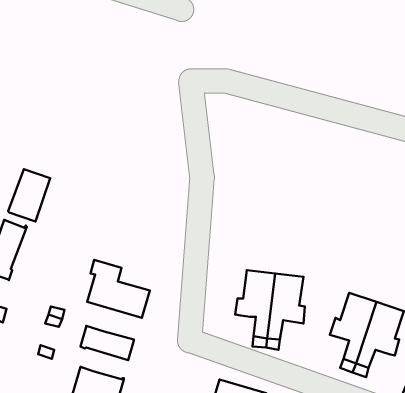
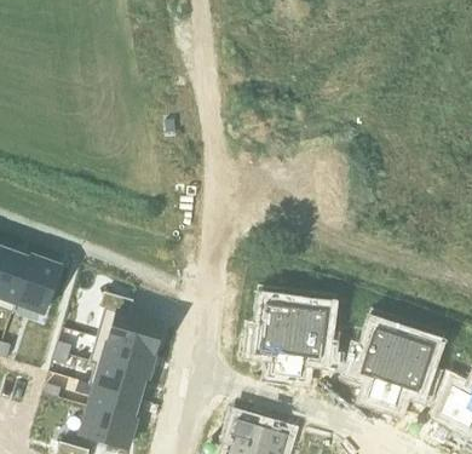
building: [8,169,50,222] -> [16,255,61,311]
building: none -> [90,335,155,378]
building: none -> [90,384,140,418]

